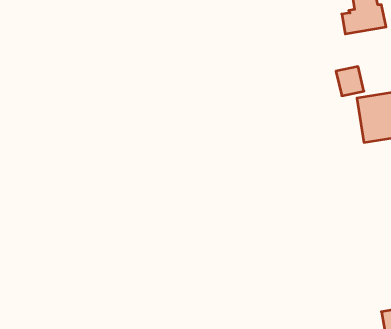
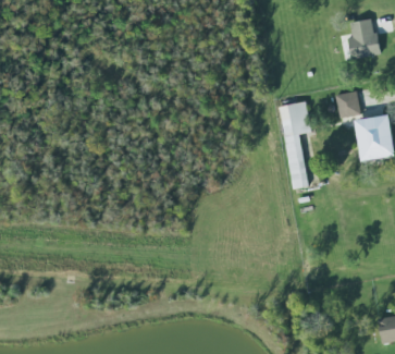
building: none -> [279,101,310,190]

